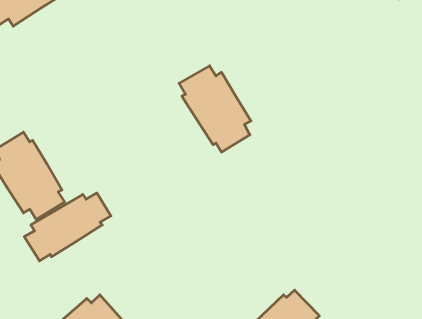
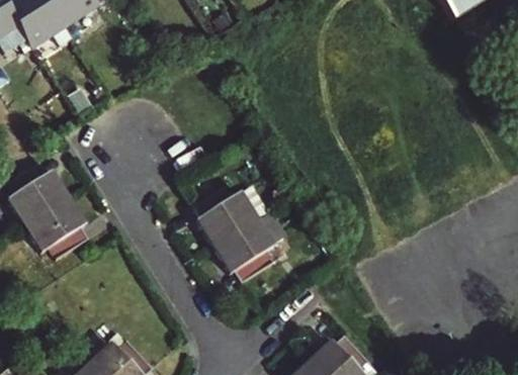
building: [179,66,251,152] -> [193,187,272,282]
building: [24,193,111,261] -> none

